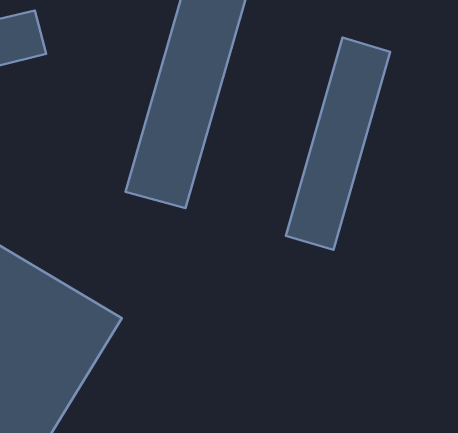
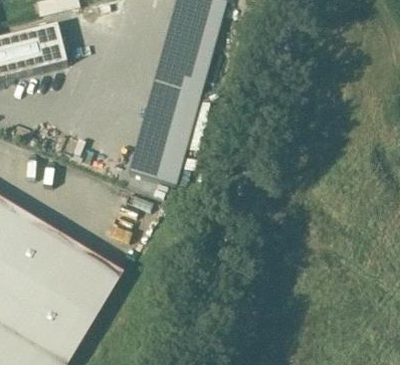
building: [286,38,390,250] -> none

